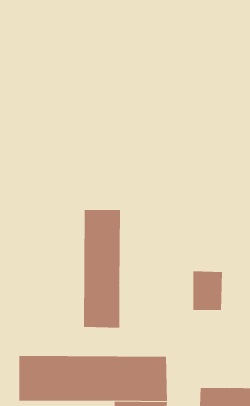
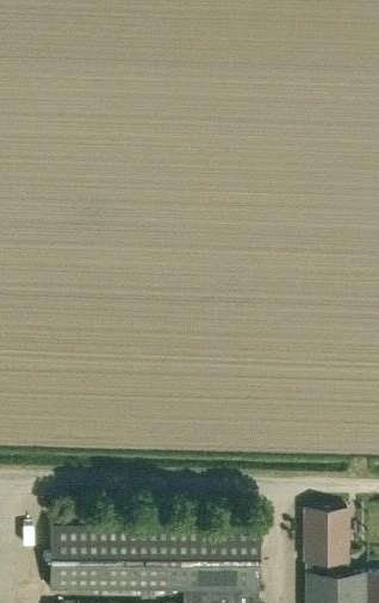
building: [83,209,121,329] -> none
building: [192,271,223,310] -> [304,511,347,567]

